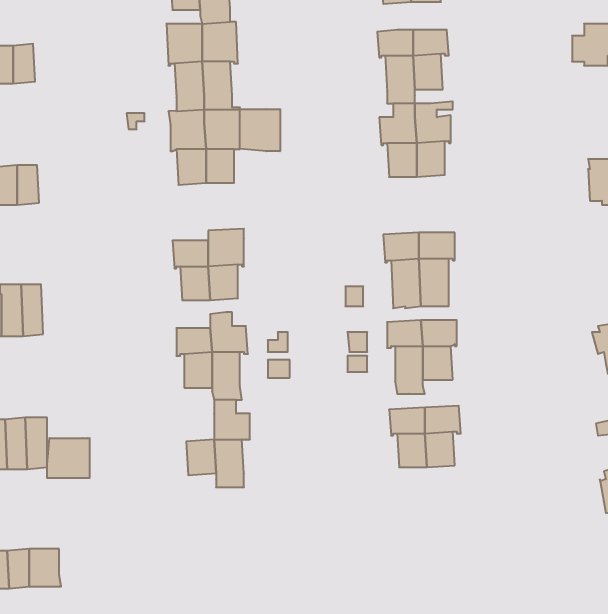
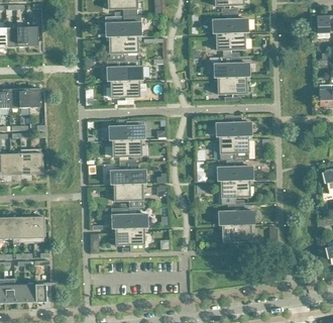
building: [240,109,280,151] -> none
building: none -> [111,207,129,229]
building: [47,438,90,478] -> none

